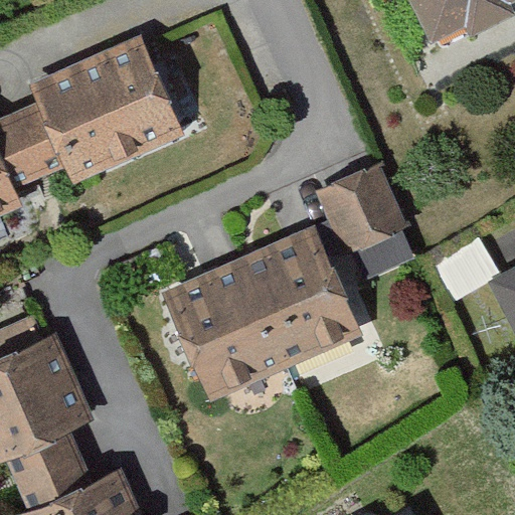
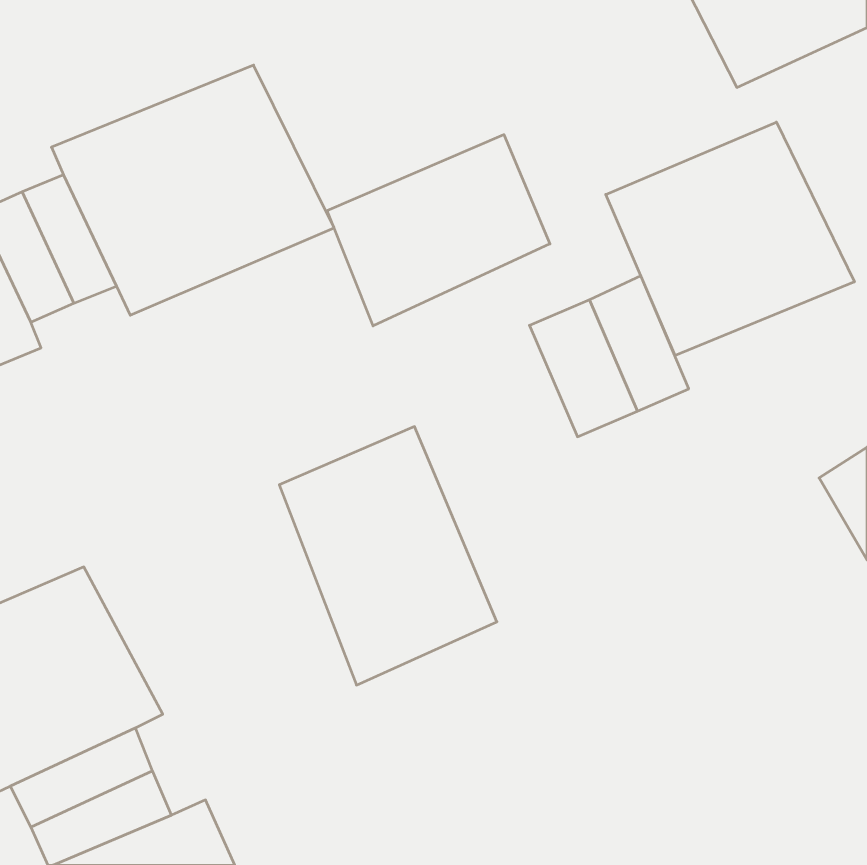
building: none -> [606,122,854,356]
building: none -> [327,135,550,326]
building: [243,220,363,365] -> none

